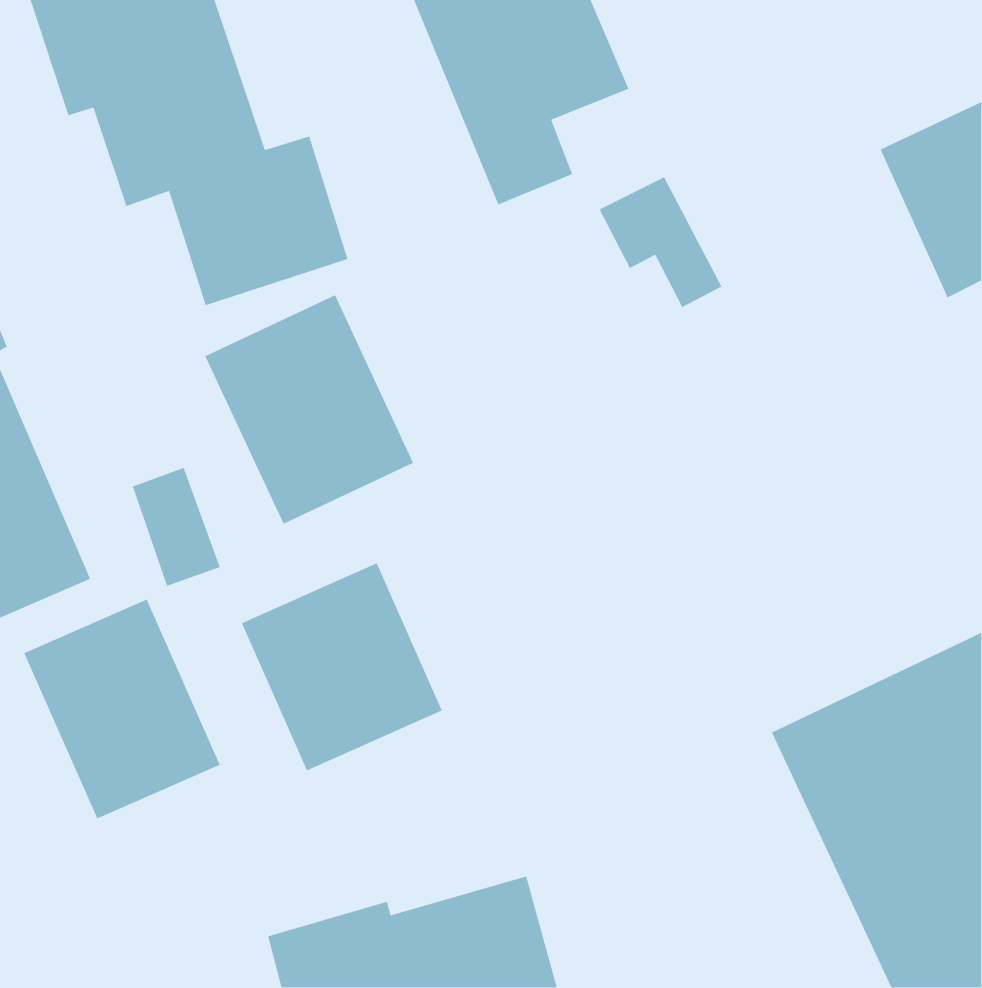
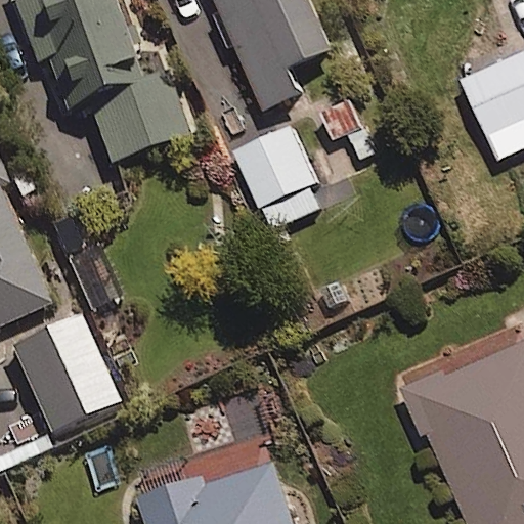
building: none -> [237,125,320,227]
building: [204,294,414,525] -> none
building: [241,562,443,771] -> none

